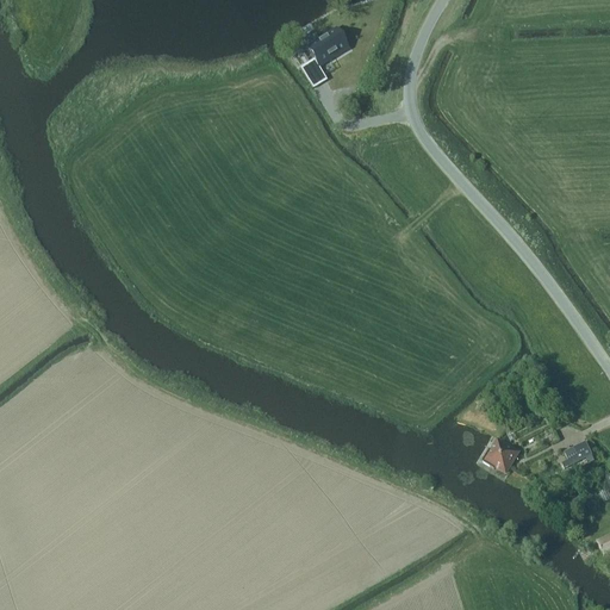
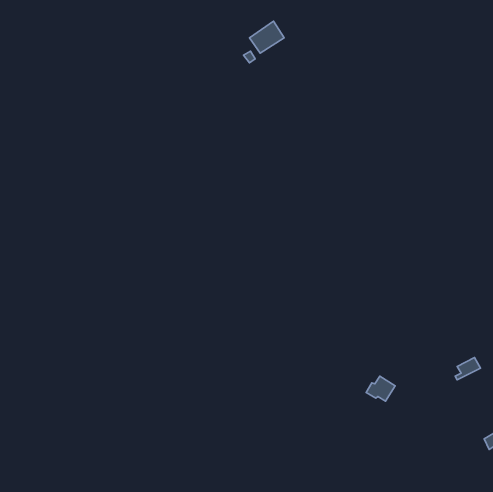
building: [483,441,518,472] -> [366,376,395,401]

